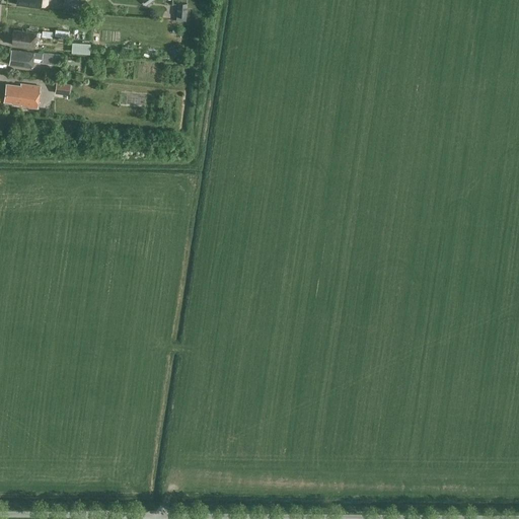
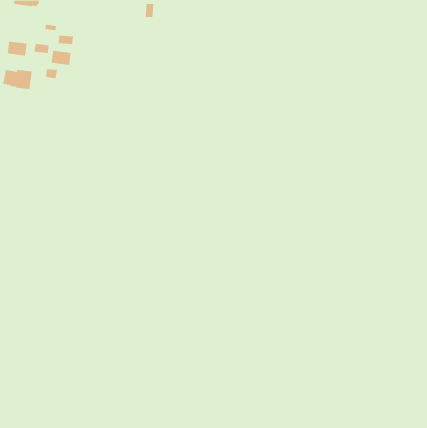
building: [11,29,36,48] -> [51,50,72,65]

